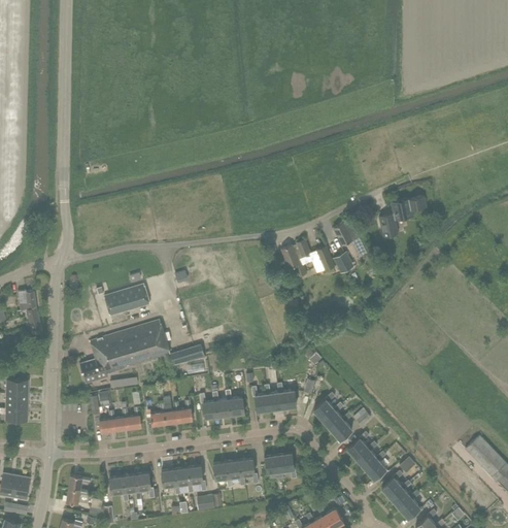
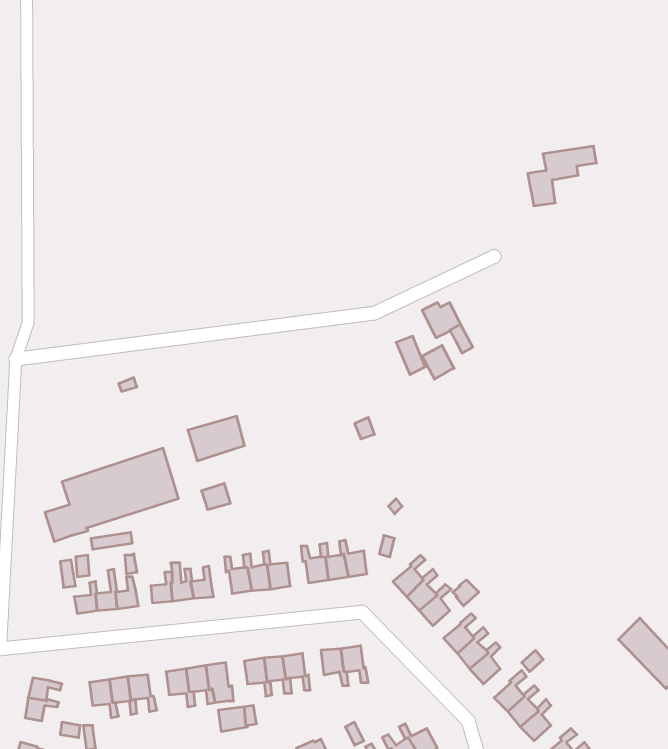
building: [379,197,426,237] -> [528,146,597,206]
building: [280,240,310,277] -> none
building: [111,285,149,315] -> [188,416,245,461]

